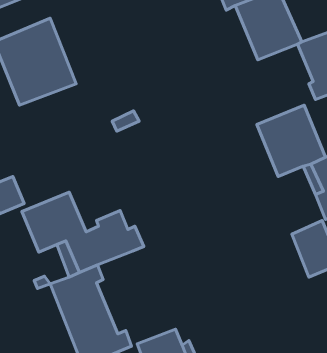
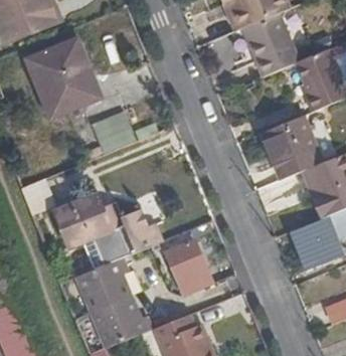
building: none -> [91,111,133,152]
building: none -> [168,238,211,294]

